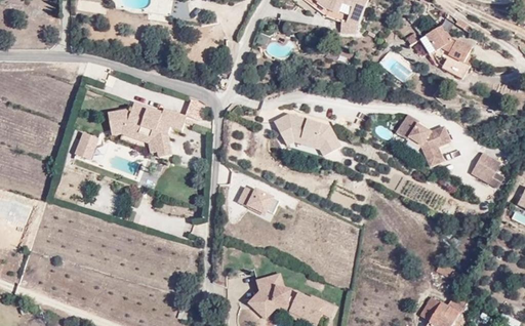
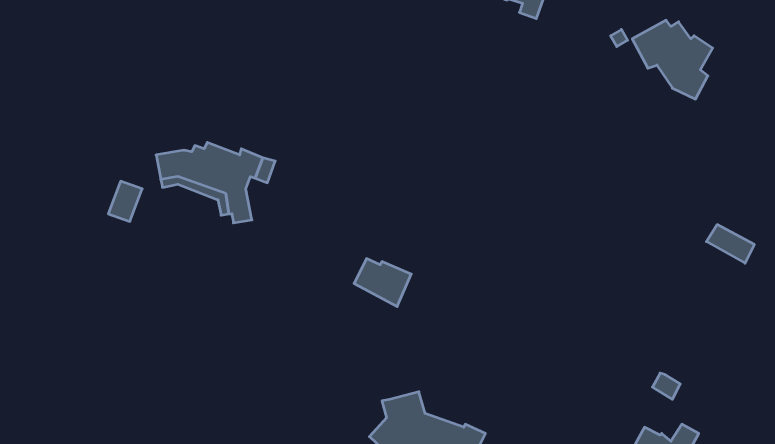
building: [274,112,342,157] -> none
building: [396,113,451,167] -> none

